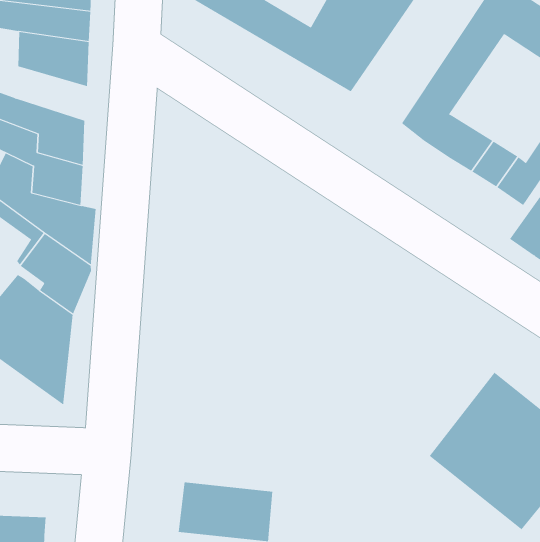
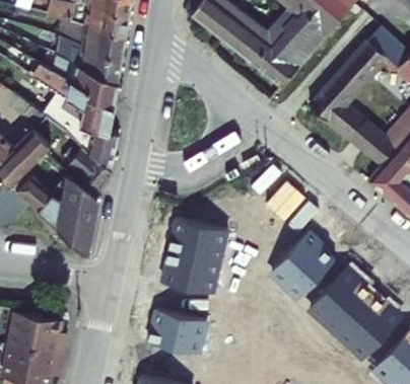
building: none -> [77,45,122,82]
building: none -> [267,231,337,301]
building: none -> [161,221,228,294]

